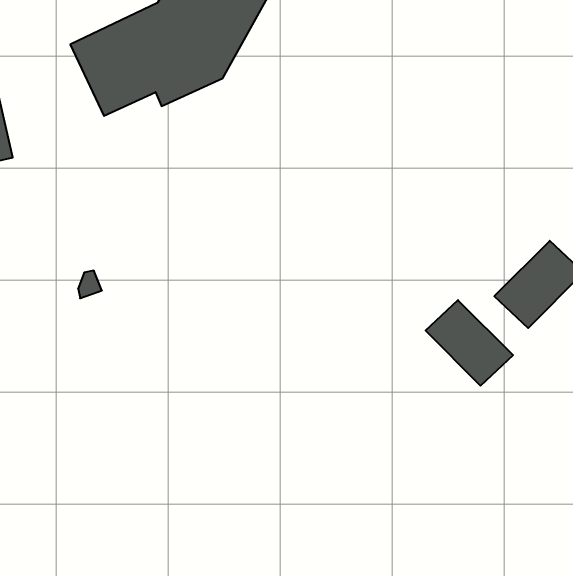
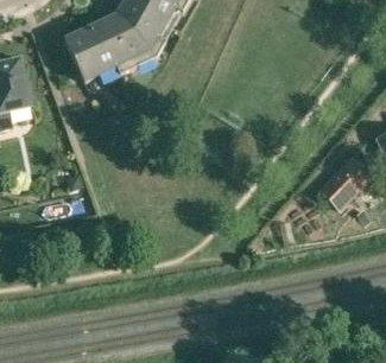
building: [426,300,513,386] -> none

